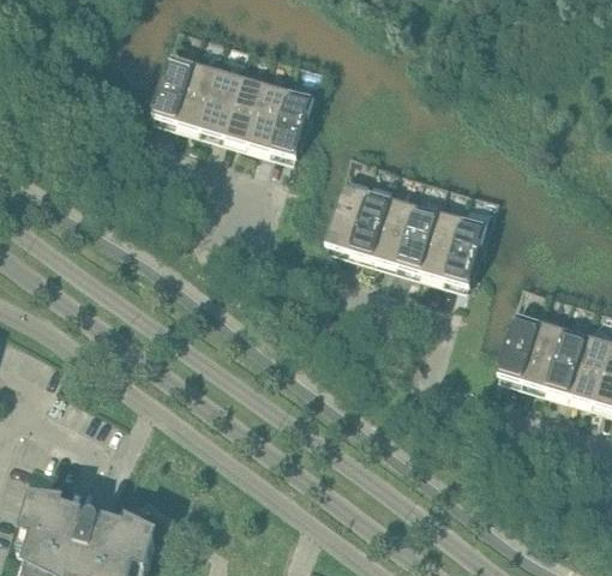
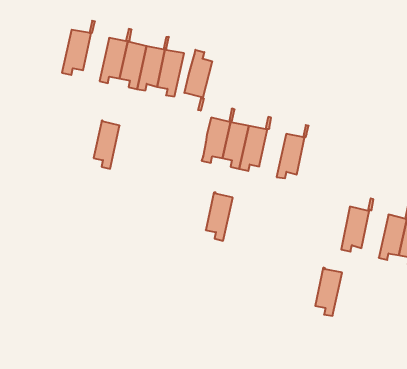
building: [180,64,217,127] -> [94,121,120,169]
building: none -> [184,50,212,111]
building: [400,206,438,270] -> [206,192,233,241]
building: [448,217,487,283] -> none
building: [524,322,563,385] -> [315,268,342,316]

